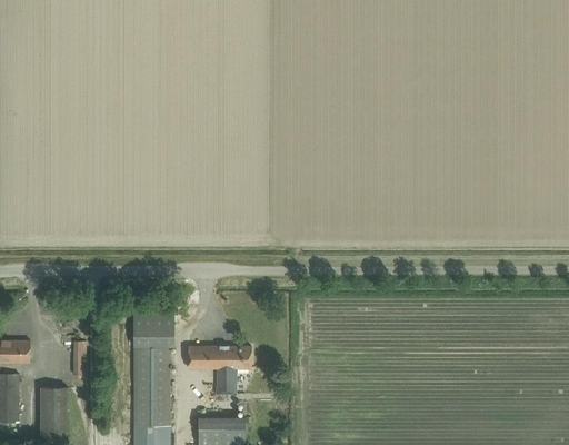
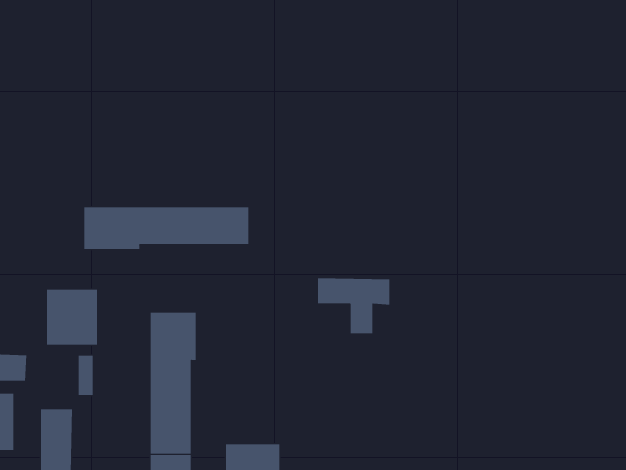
building: none -> [84,206,249,250]
building: none -> [46,289,97,345]
building: [188,346,250,394] -> [317,278,390,334]

